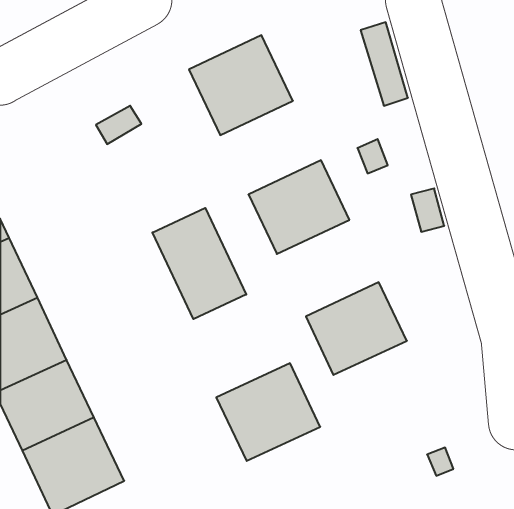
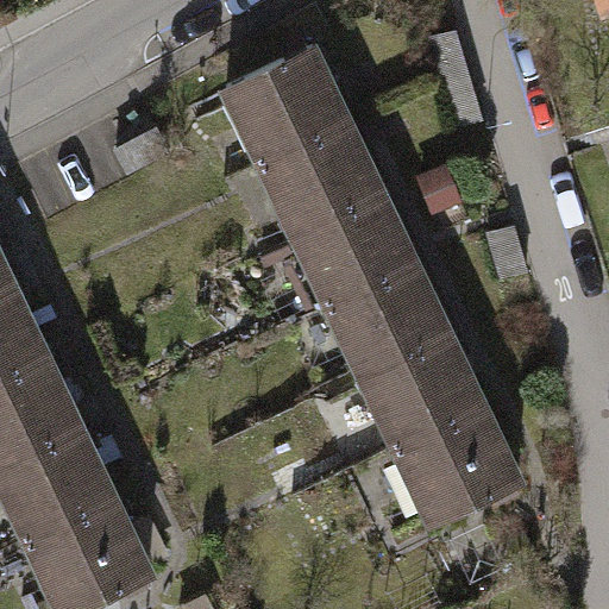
building: none -> [262,126,381,237]
building: [152,208,246,319] -> none
building: none -> [328,266,448,381]
building: [216,363,320,461] -> [395,409,517,525]

